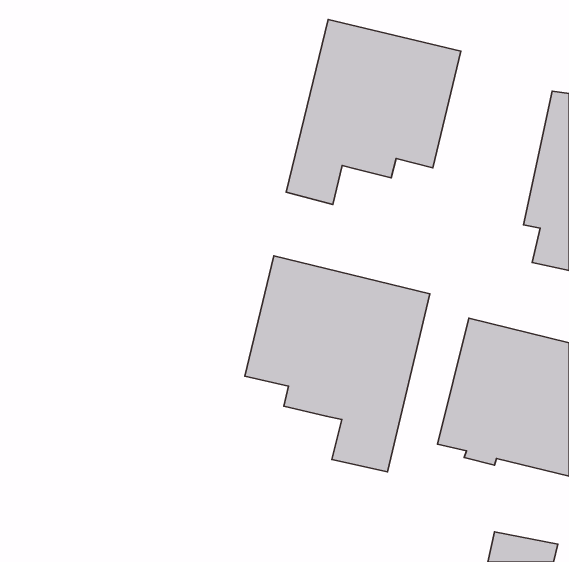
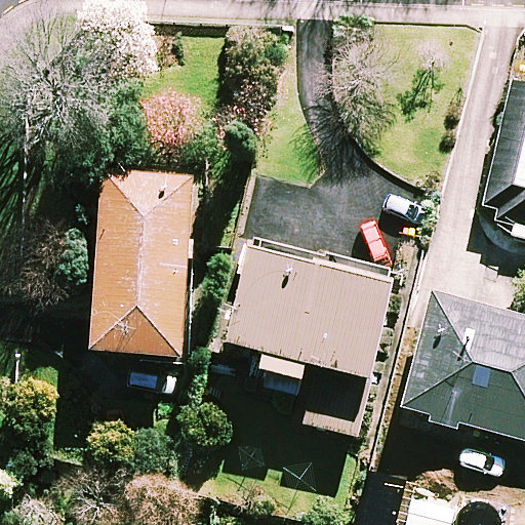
building: [286,20,461,204] -> none
building: none -> [83,164,202,356]

